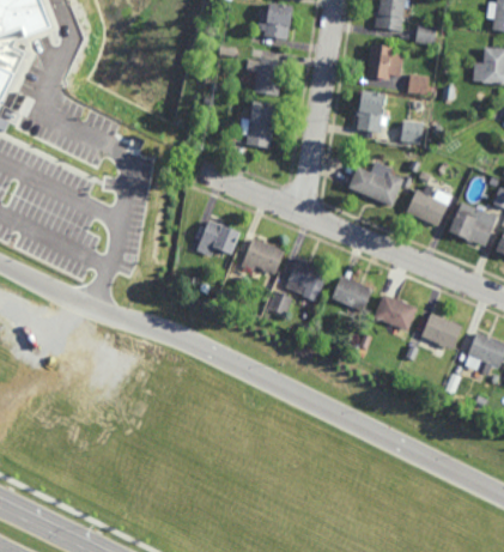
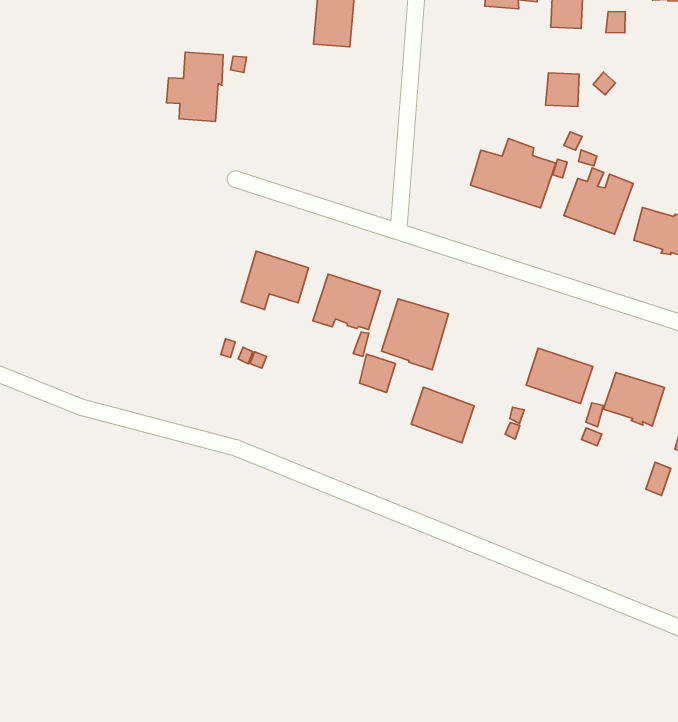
building: [354,89,385,133] -> none
building: [239,102,278,147] -> [167,52,223,122]
building: [329,275,370,313] -> [411,387,474,443]

